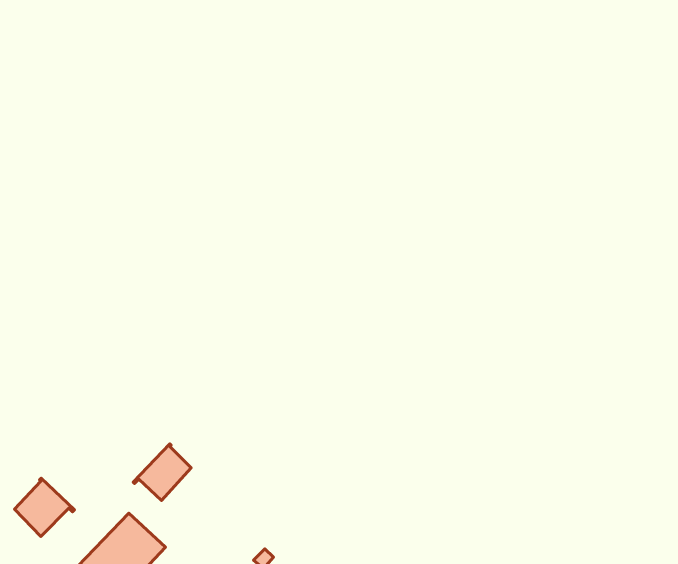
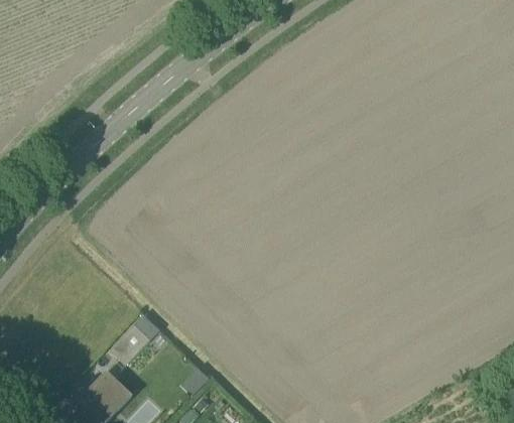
building: [14,478,74,537] -> none

